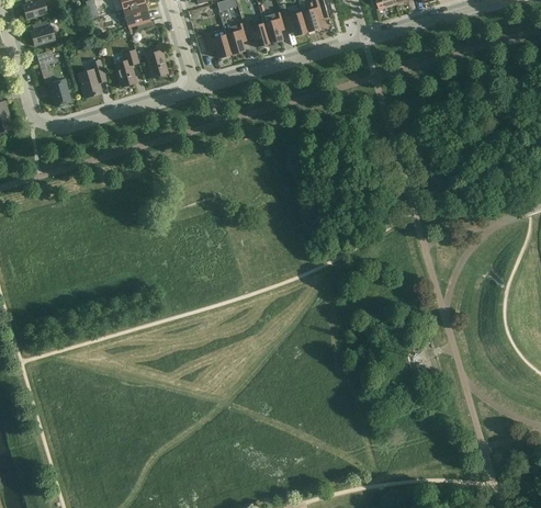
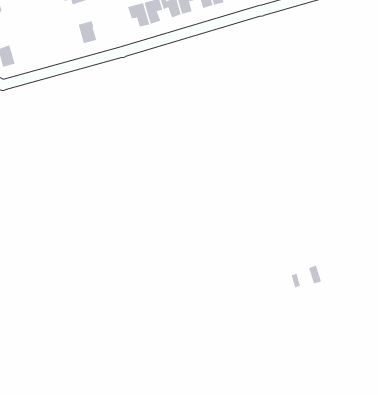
building: [114,49,138,86] -> none
building: [78,59,105,97] -> none

